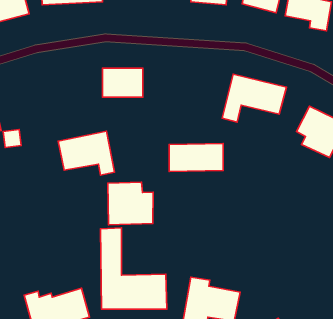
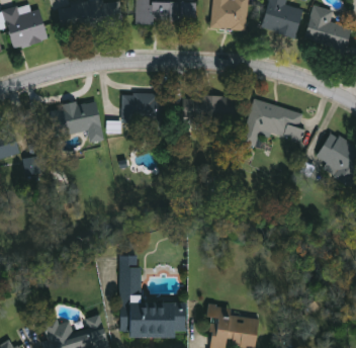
building: [58,131,115,175] -> [47,98,103,143]
building: [169,144,223,172] -> [183,96,238,124]
building: [108,182,153,225] -> none

